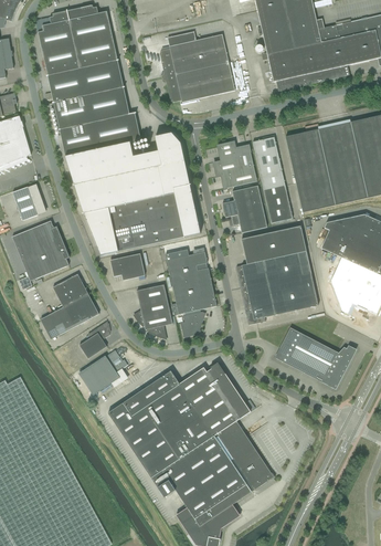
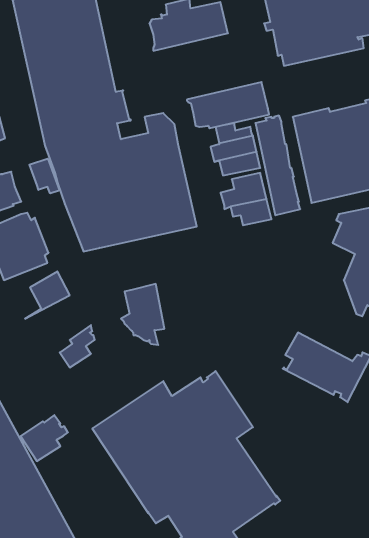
building: [162,62,235,103] -> [187,82,269,128]
building: none -> [29,159,59,193]
building: [236,225,318,325] -> none
building: [166,250,216,337] -> none
building: [112,253,145,280] -> none
building: [49,294,99,335] -> none
building: [85,349,127,390] -> [21,415,68,461]

